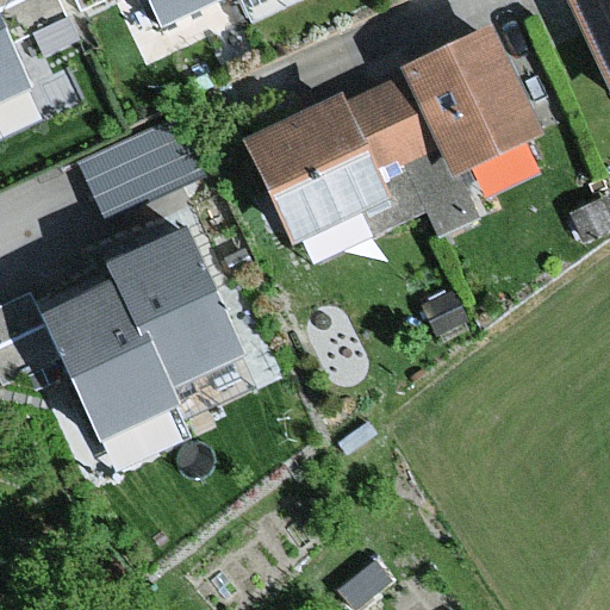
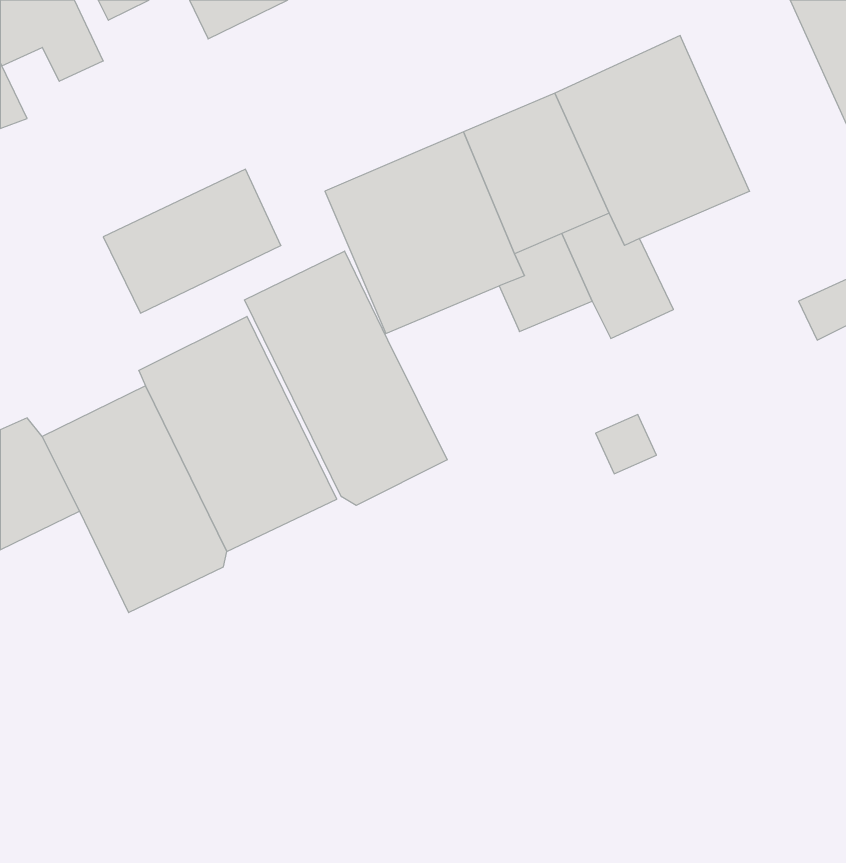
building: none -> [245,251,447,505]

